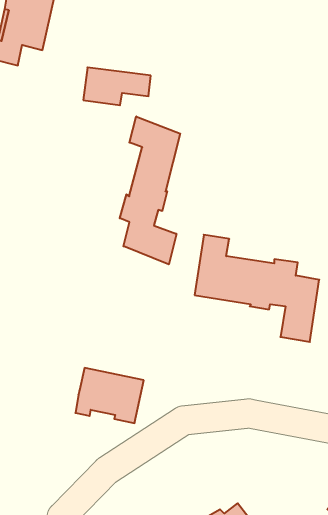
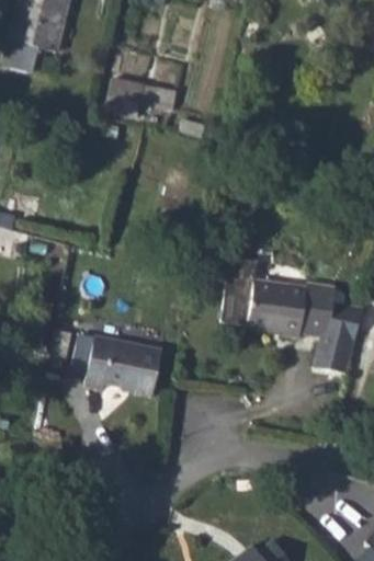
building: [120,116,180,264] -> none
building: [75,368,144,423] -> [89,336,162,396]

